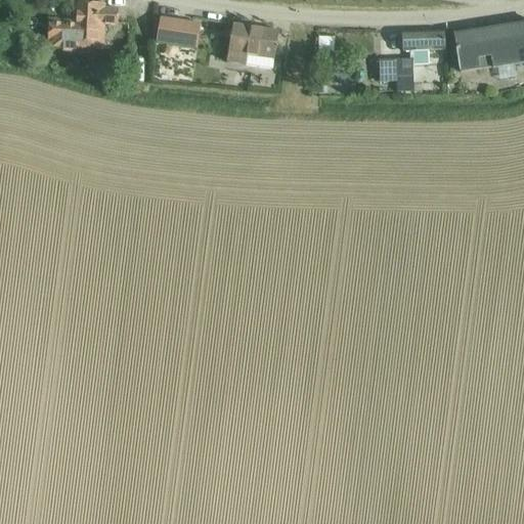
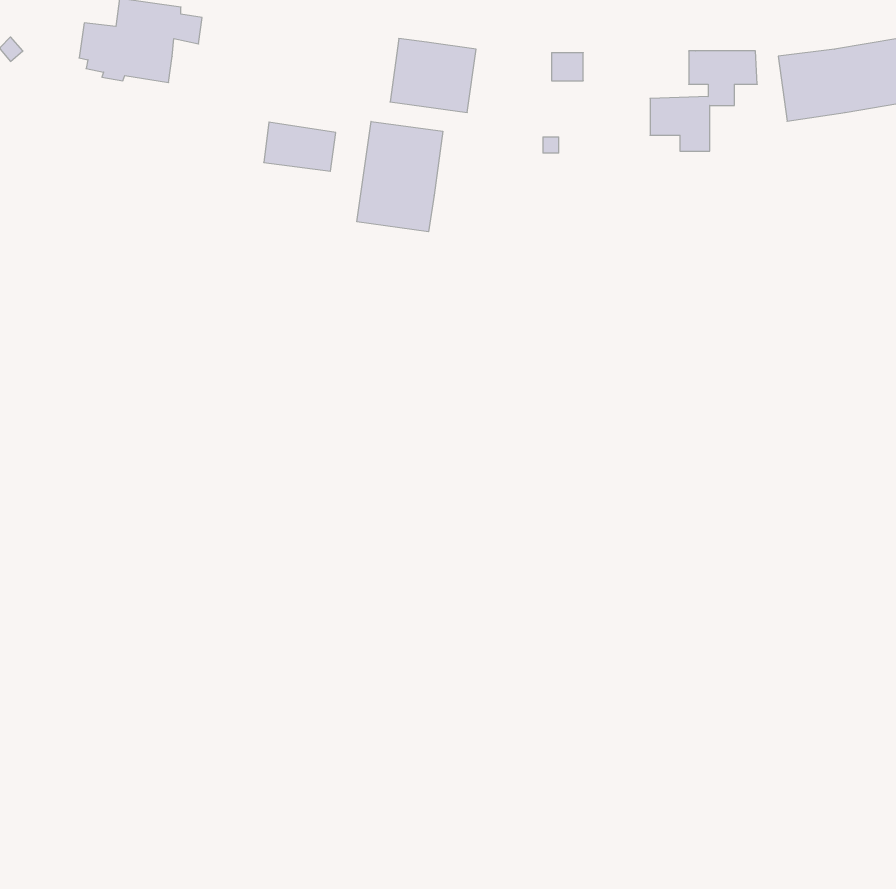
building: [158,14,200,43] -> [264,122,336,171]
building: none -> [357,121,443,232]

